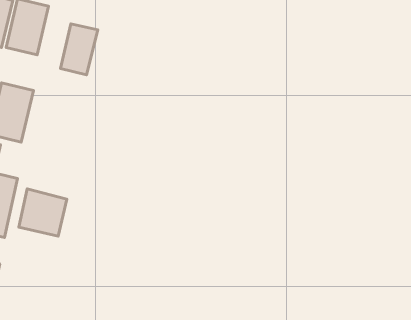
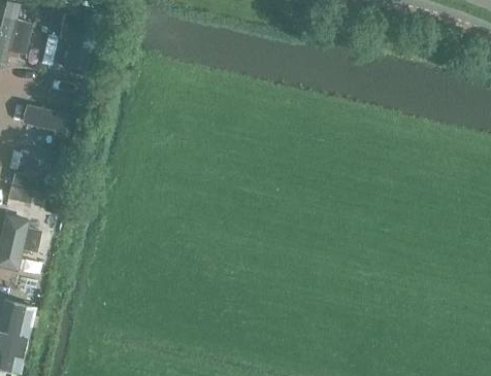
building: [60,24,98,75] -> none
building: [19,189,67,236] -> none

